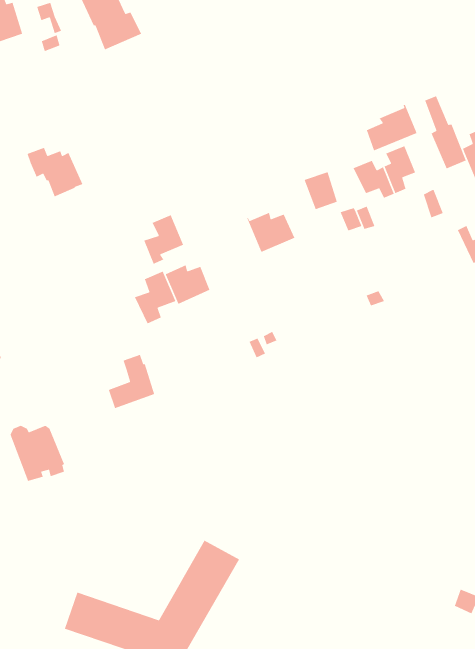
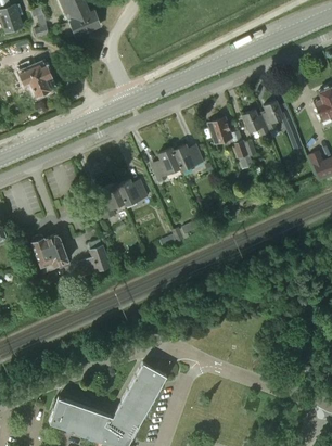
building: [424,95,467,169] -> none
building: [366,104,417,152] -> none
building: [27,147,84,197] -> [18,61,56,94]
building: [143,214,184,265] -> [153,149,180,182]
building: [9,425,65,482] -> [33,234,69,272]

